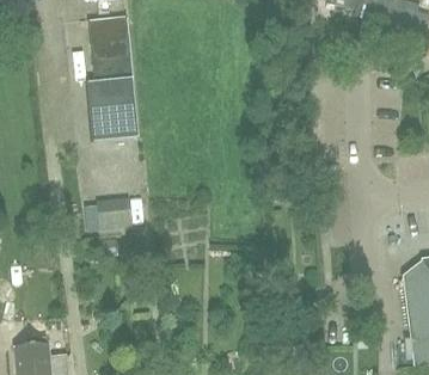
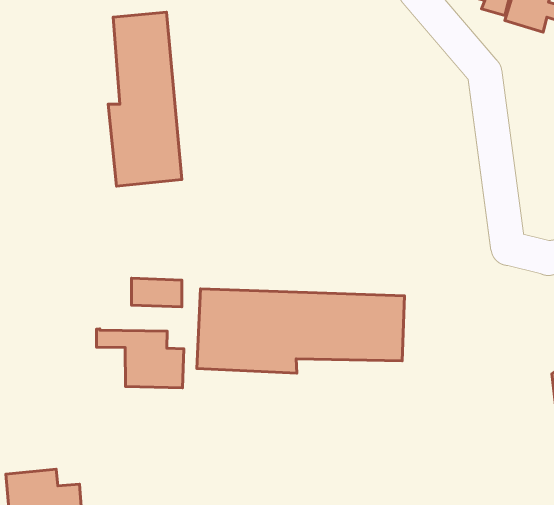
building: none -> [197,289,405,373]
building: none -> [96,329,184,388]

